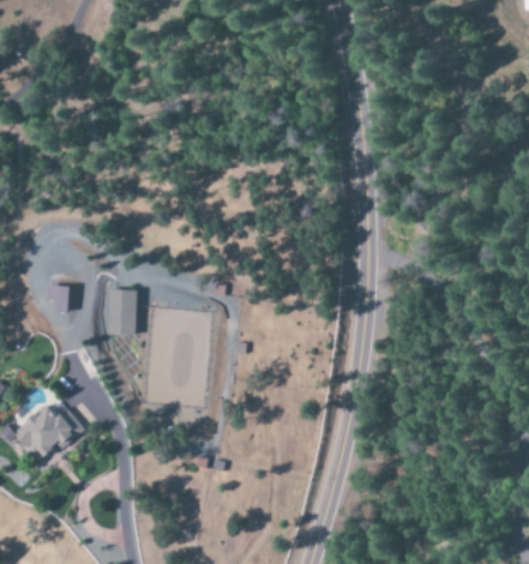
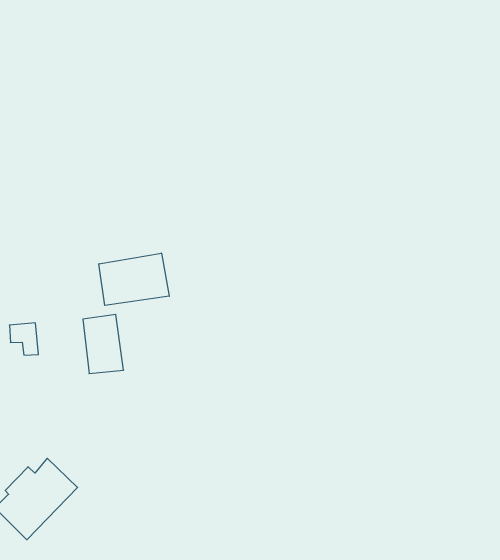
building: none -> [99,253,169,305]

